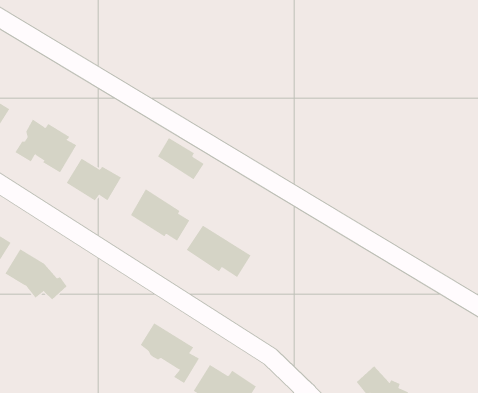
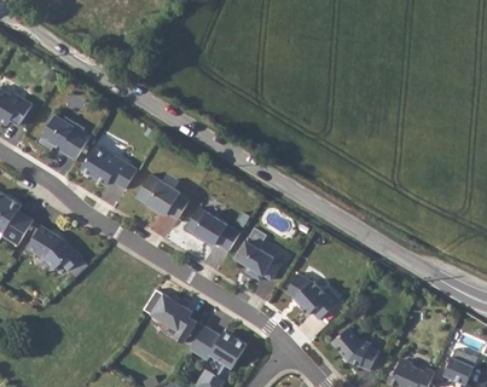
building: [157,137,205,180] -> none
building: none -> [234,237,282,279]
building: none -> [285,272,340,319]

